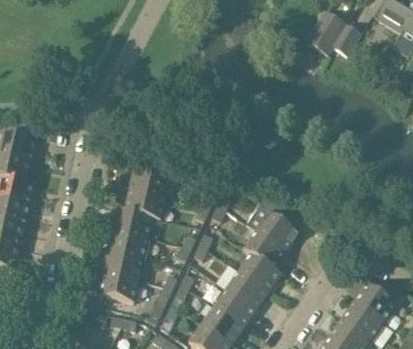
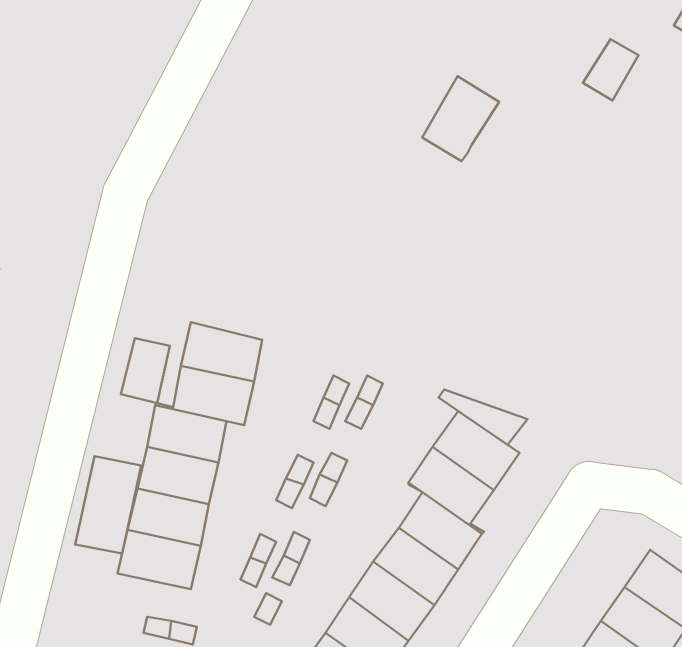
building: [306,12,345,55] -> [422,76,499,161]
building: none -> [121,338,170,403]
building: none -> [75,456,141,554]

